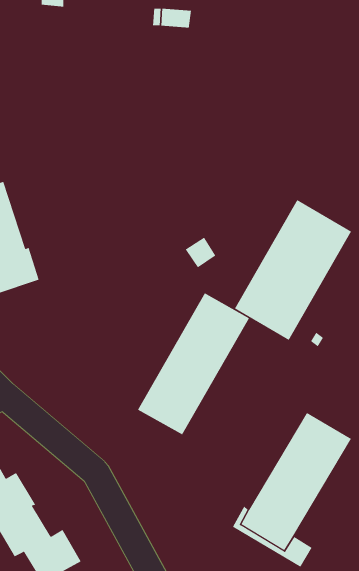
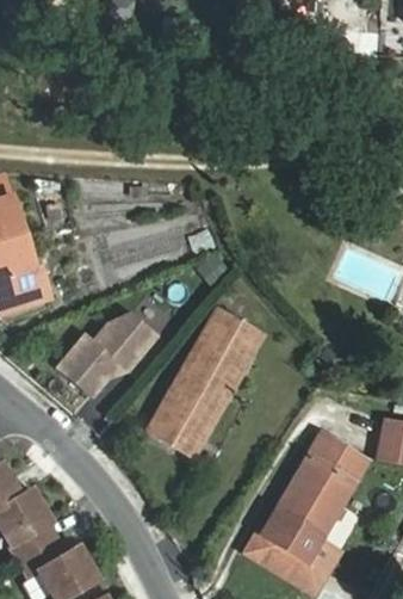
building: [234,199,352,341] -> none
building: none -> [57,311,157,395]

